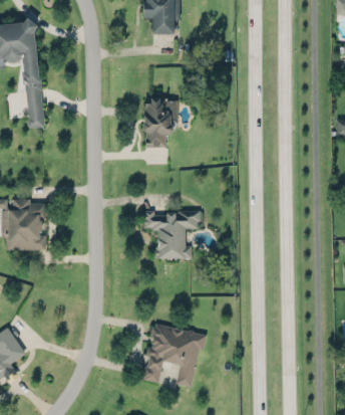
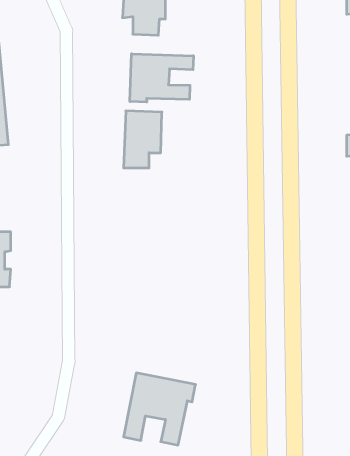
building: none -> [130,54,193,102]
building: [144,210,200,258] -> none

